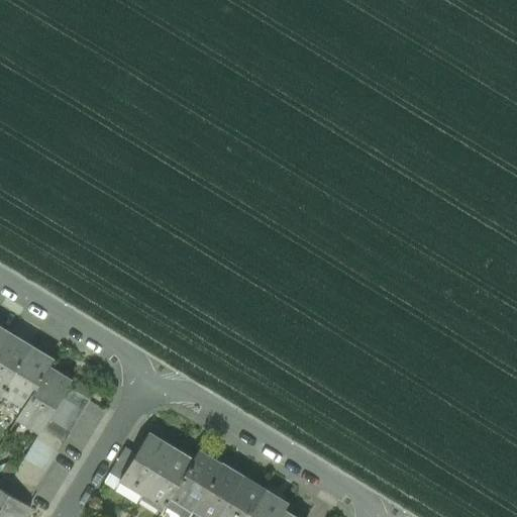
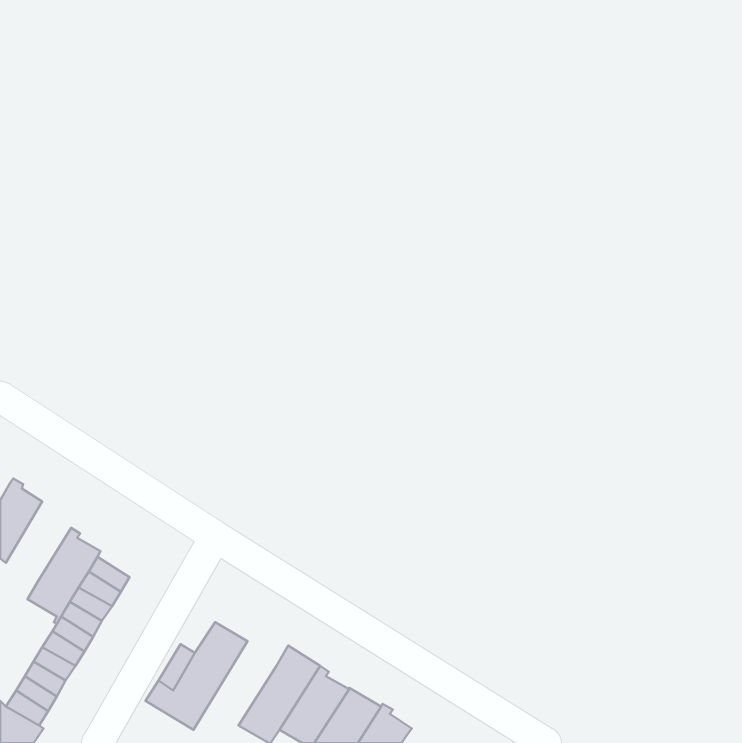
building: [5,345,53,404] -> none
building: [141,445,193,510] -> none

